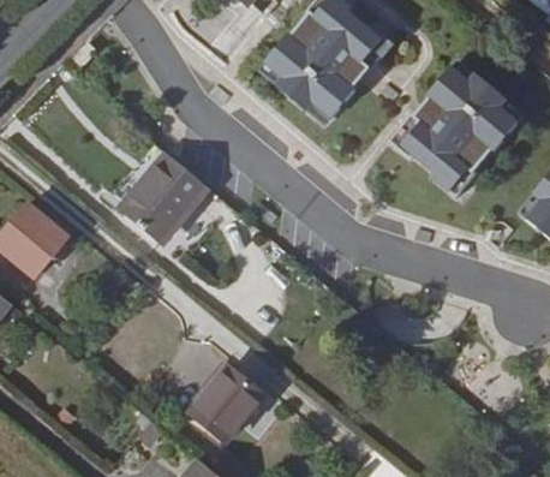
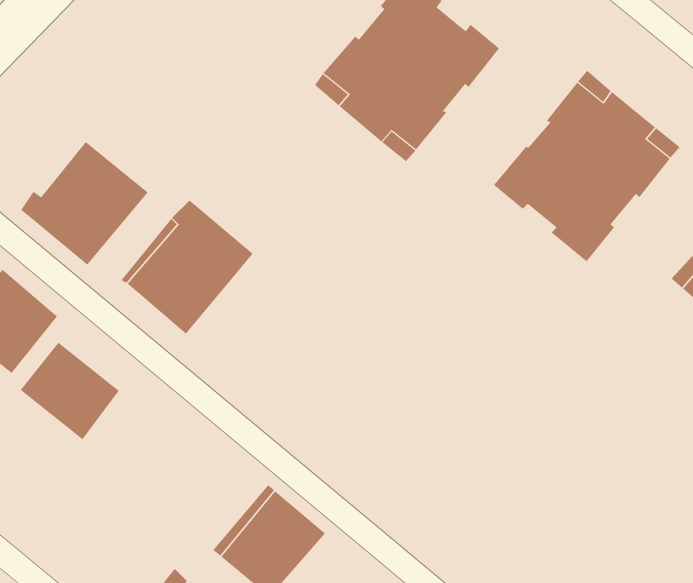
building: none -> [20,141,148,265]
building: none -> [20,342,119,440]

